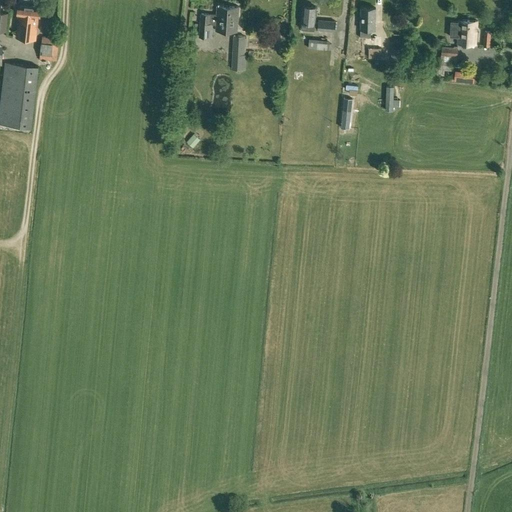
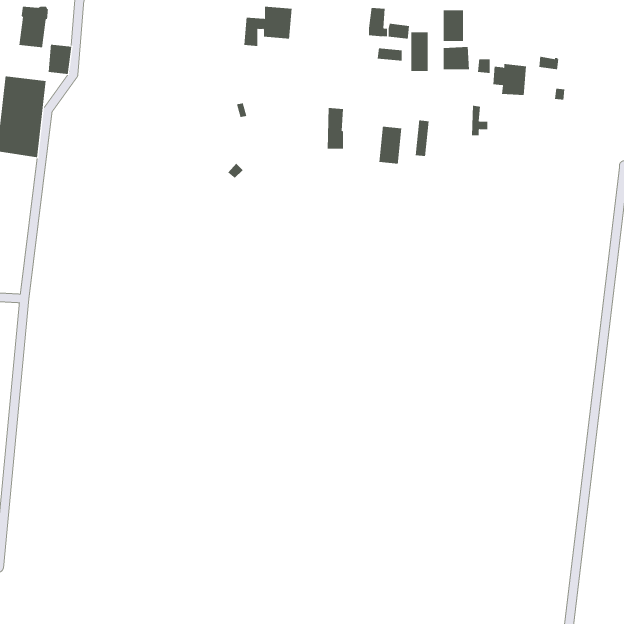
building: [449,20,477,46] -> [493,64,527,95]
building: none -> [411,32,428,72]
building: [231,36,245,70] -> [327,107,344,149]
building: none -> [379,126,402,164]

